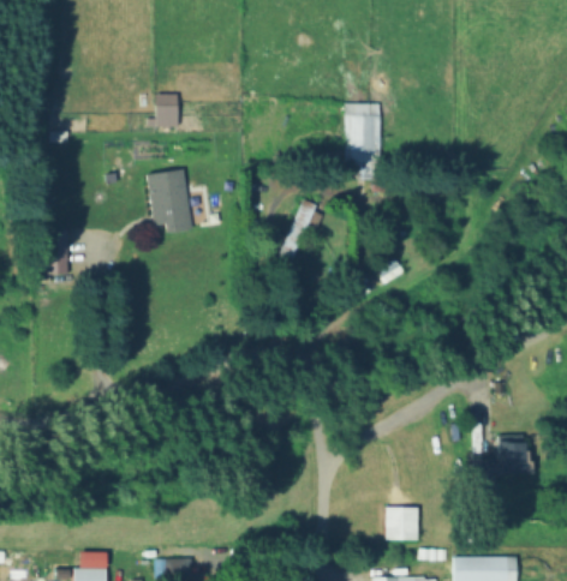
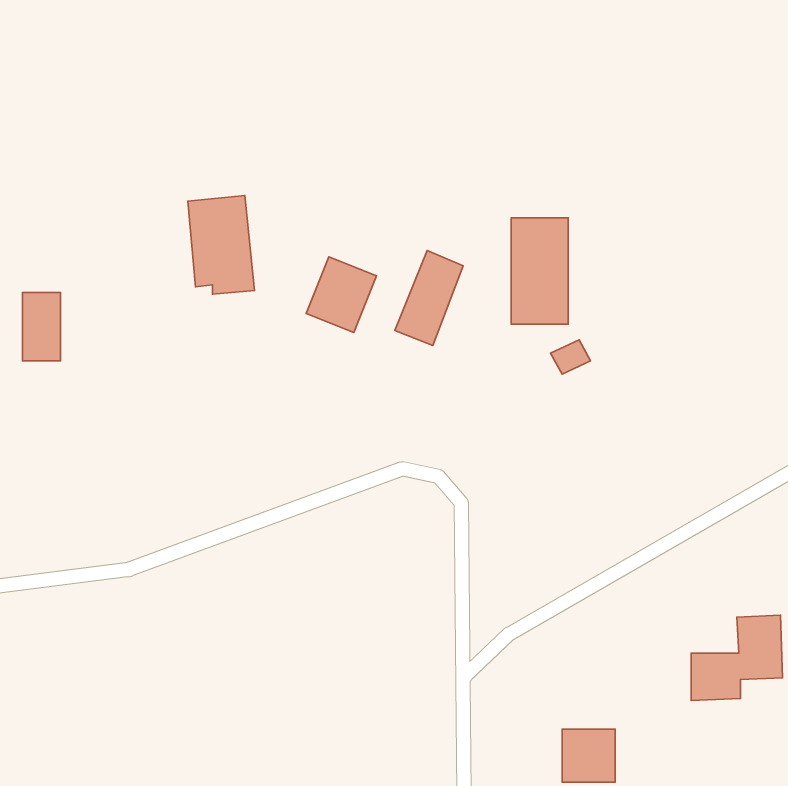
building: [154,94,177,125] -> none
building: [345,103,381,170] -> [511,218,568,324]
building: none -> [306,257,376,333]

